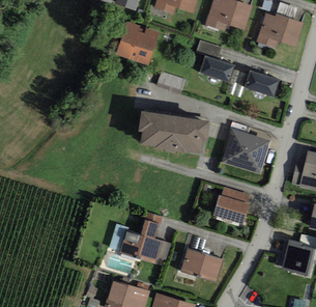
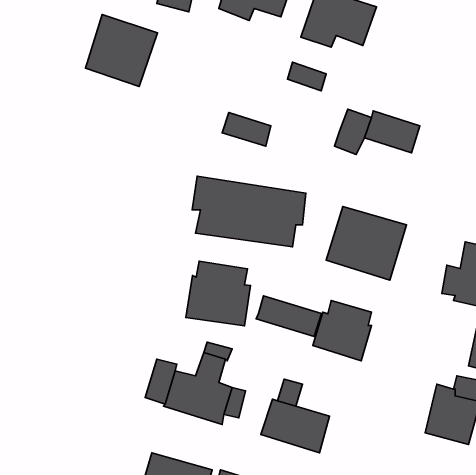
building: [256,12,304,48] -> none
building: [115,21,160,65] -> [85,14,157,86]
building: [199,55,235,82] -> none
building: none -> [186,261,250,326]
building: none -> [256,296,321,336]

